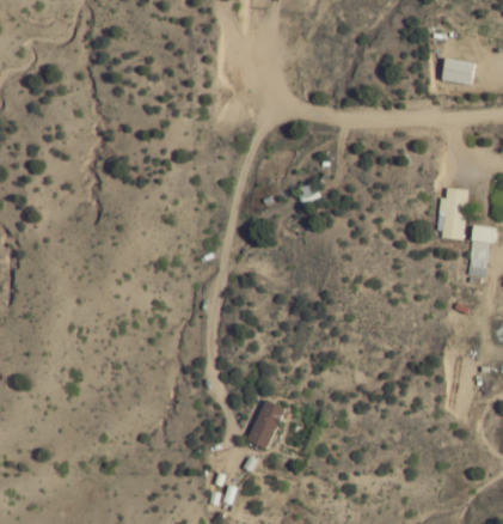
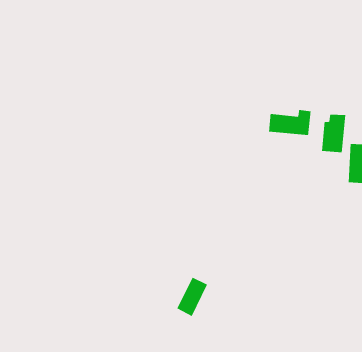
building: [441,56,474,86] -> none
building: none -> [269,109,311,136]

